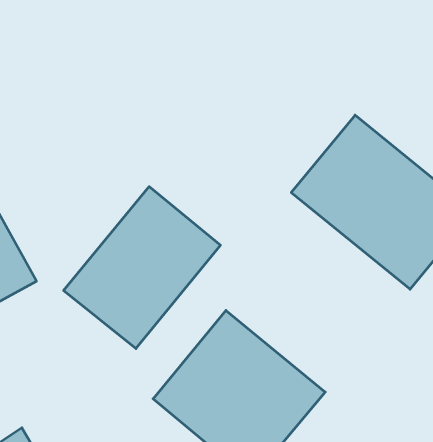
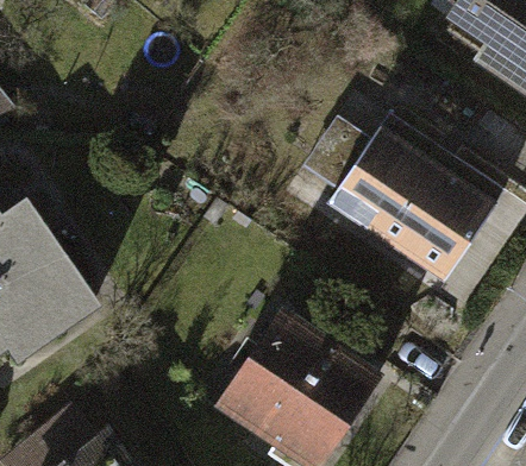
building: [64,187,220,349] -> none

